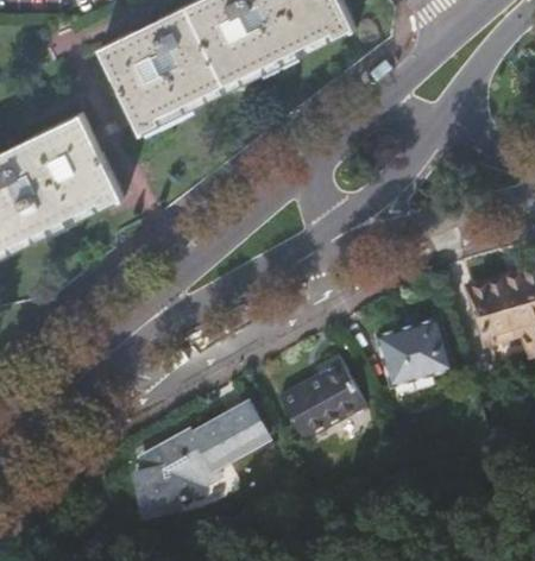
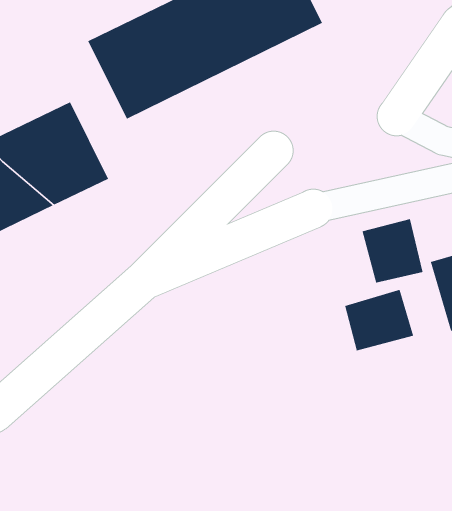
building: none -> [362,218,423,283]
building: [281,354,367,436] -> none
building: [136,401,266,516] -> none

